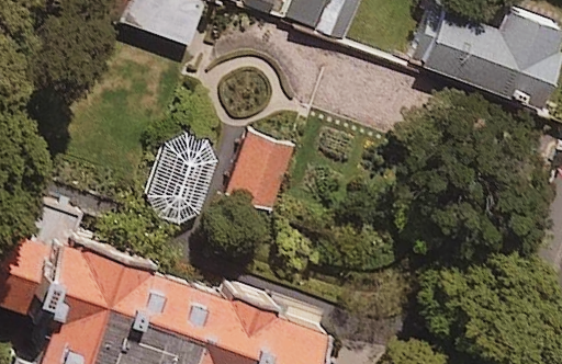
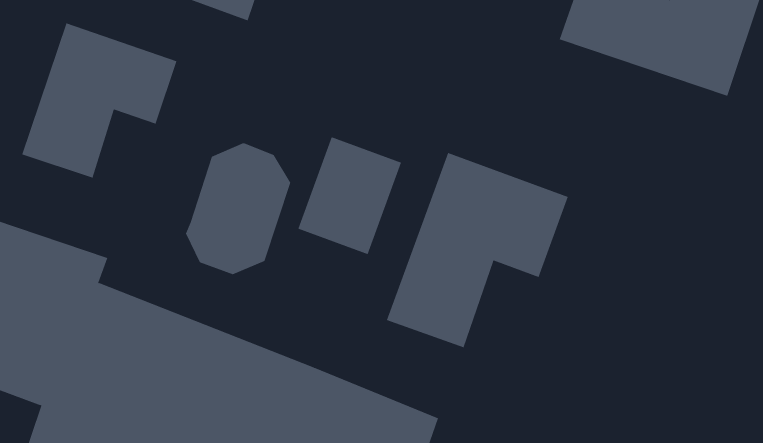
building: none -> [21,23,177,179]
building: none -> [386,152,568,348]

